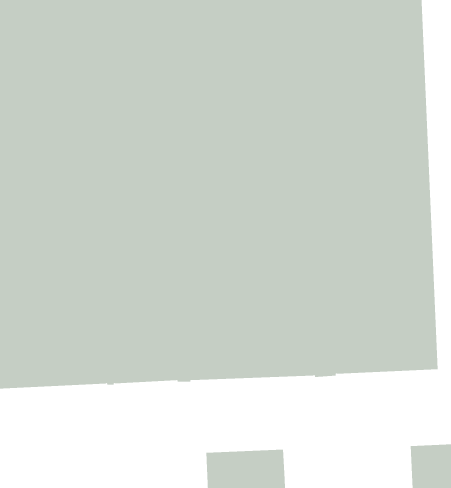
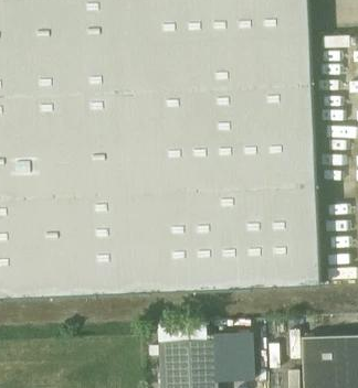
building: none -> [214,338,249,360]

